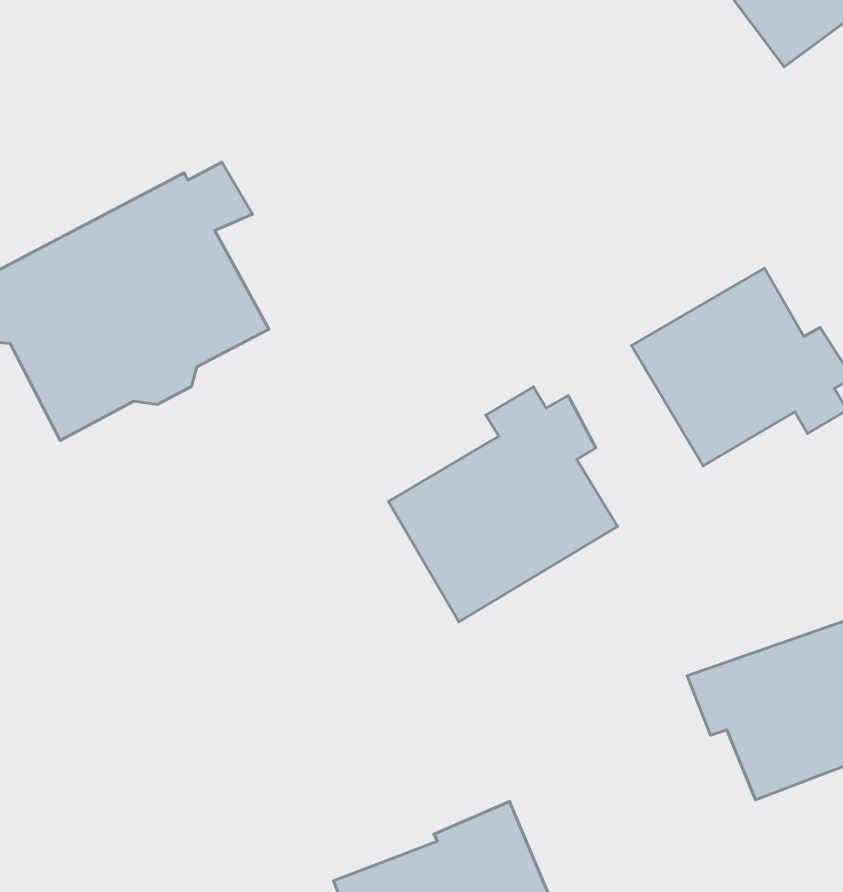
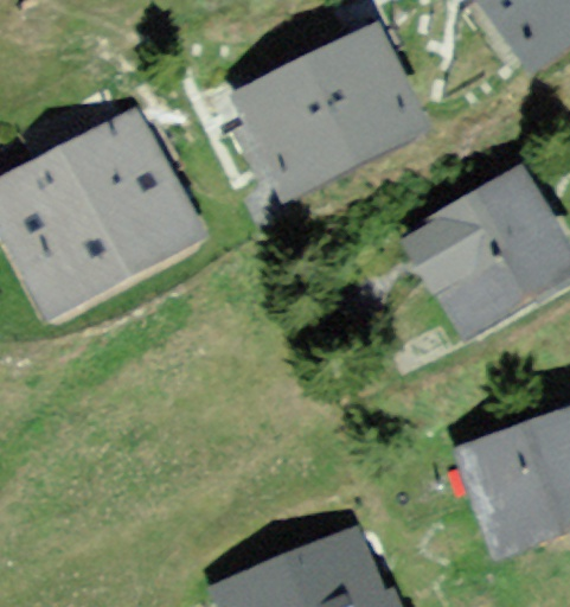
building: none -> [241,30,411,174]
building: [389,387,617,622] -> none

